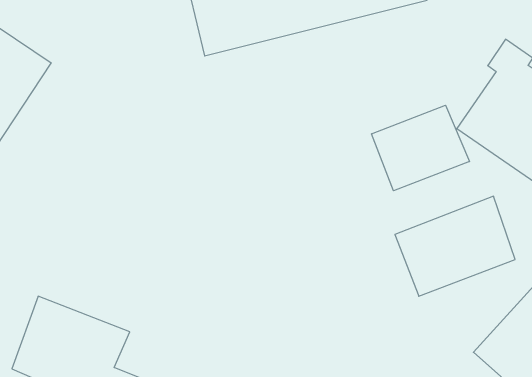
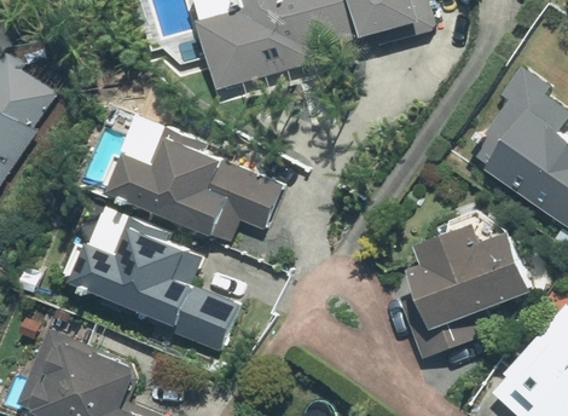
building: none -> [108,135,282,254]
building: [372,105,469,191] -> none
building: none -> [70,219,236,346]

